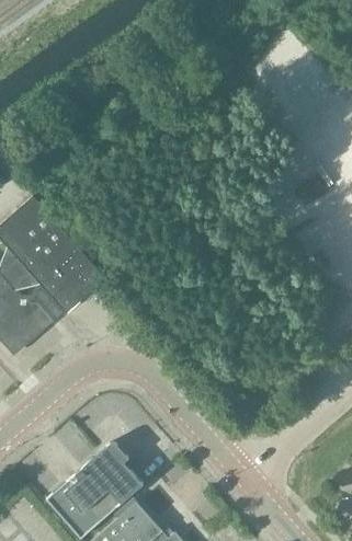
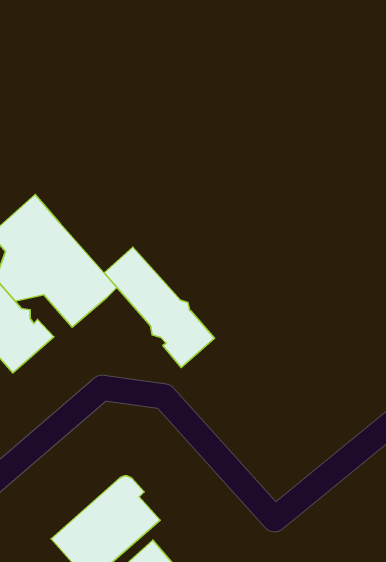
building: none -> [104,247,215,367]

